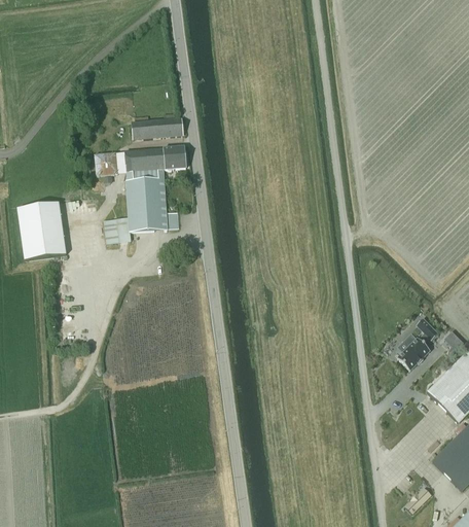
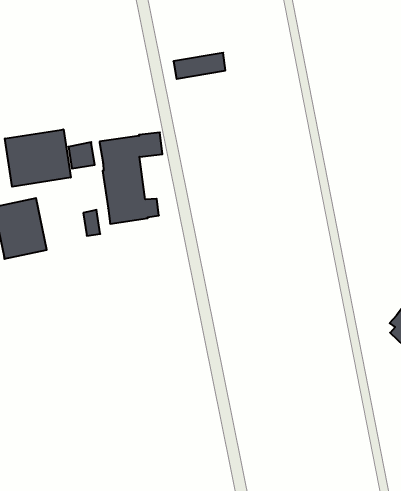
building: [132,116,182,139] -> [173,53,225,79]
building: none -> [5,129,71,187]

